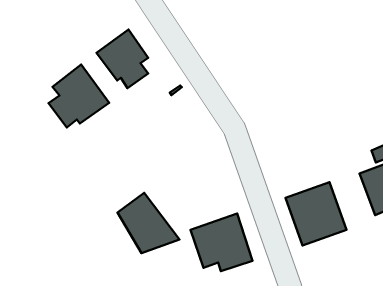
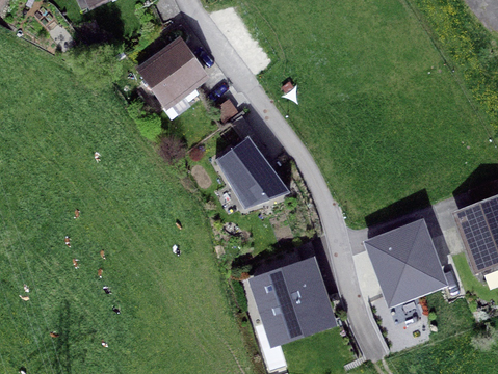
building: [49,65,109,128] -> none
building: [117,193,180,253] -> [215,135,290,208]

